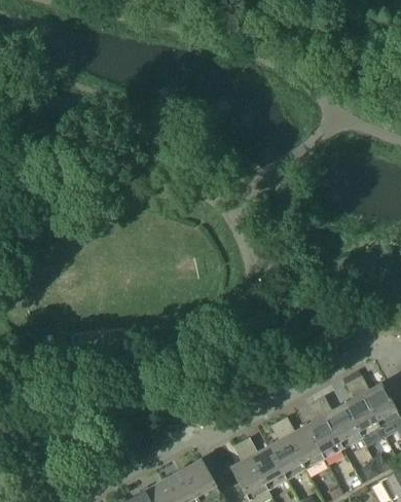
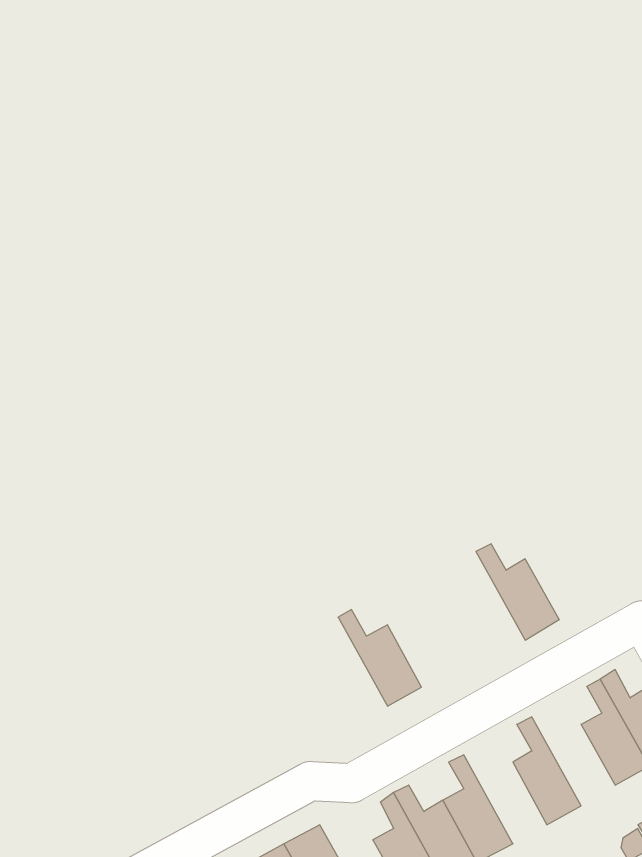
building: [317,397,362,450] -> [476,544,559,640]
building: [280,418,325,470] -> [338,610,421,706]

